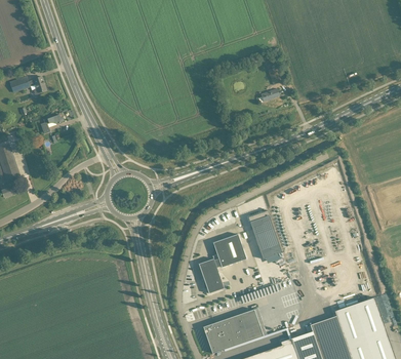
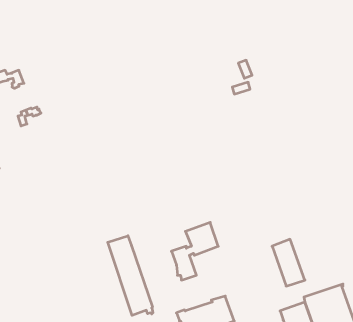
building: [248,211,282,260] -> [272,239,305,286]
building: none -> [108,236,153,315]

